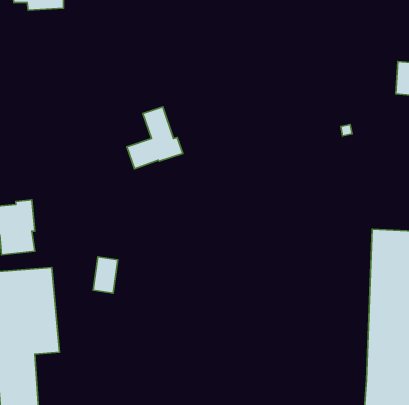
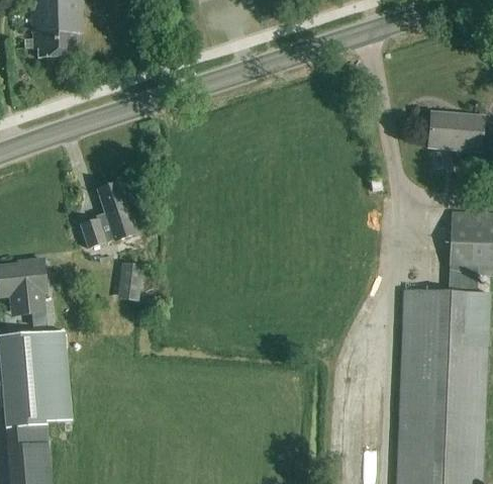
building: [127,107,183,169] -> [81,181,140,247]
building: [93,257,118,293] -> [117,261,143,299]

